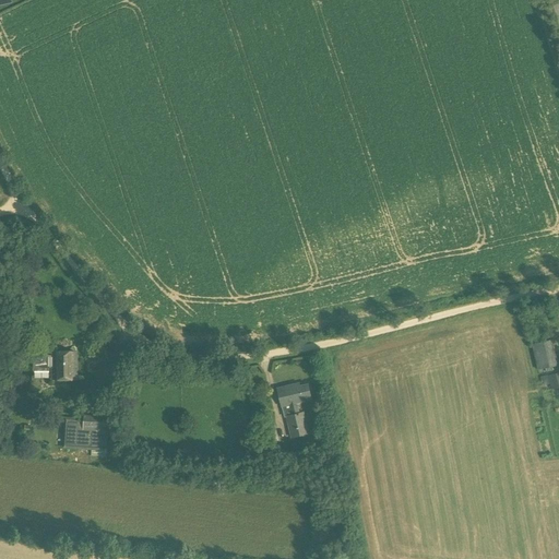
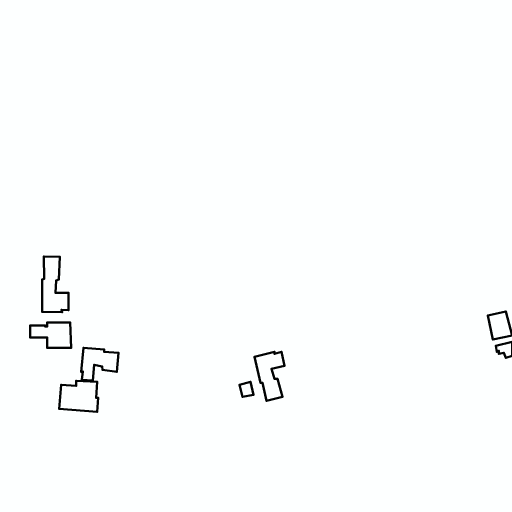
building: none -> [42,257,69,312]
building: none -> [81,348,119,380]

